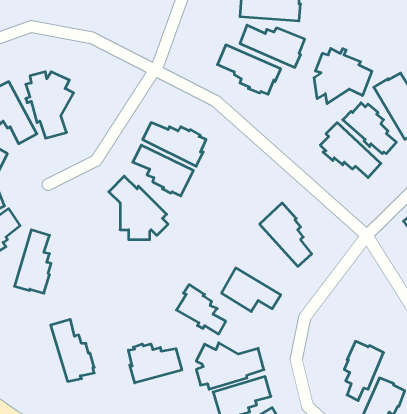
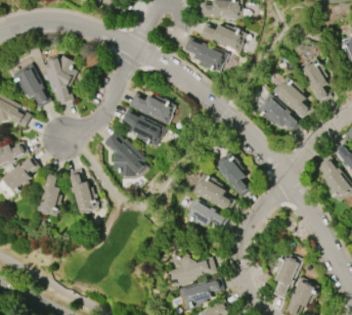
building: [314,48,372,104] -> none
building: [176,285,226,334] -> [195,173,231,209]
building: [51,319,94,381] -> [65,170,97,215]
building: [128,344,182,383] -> none

